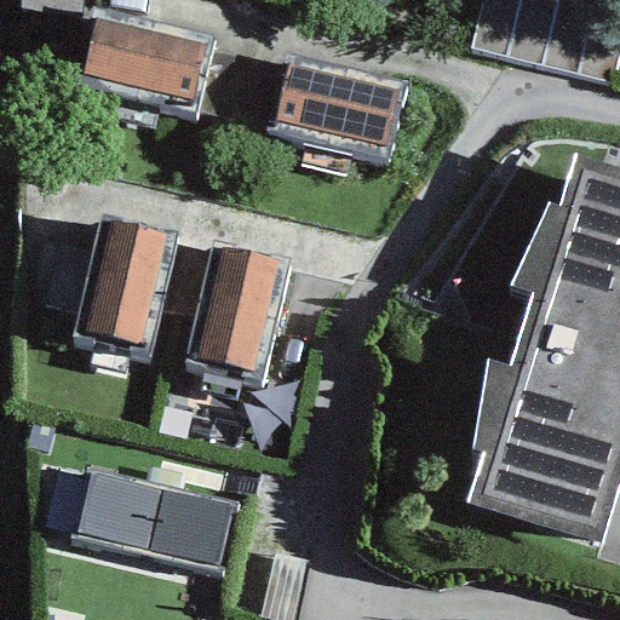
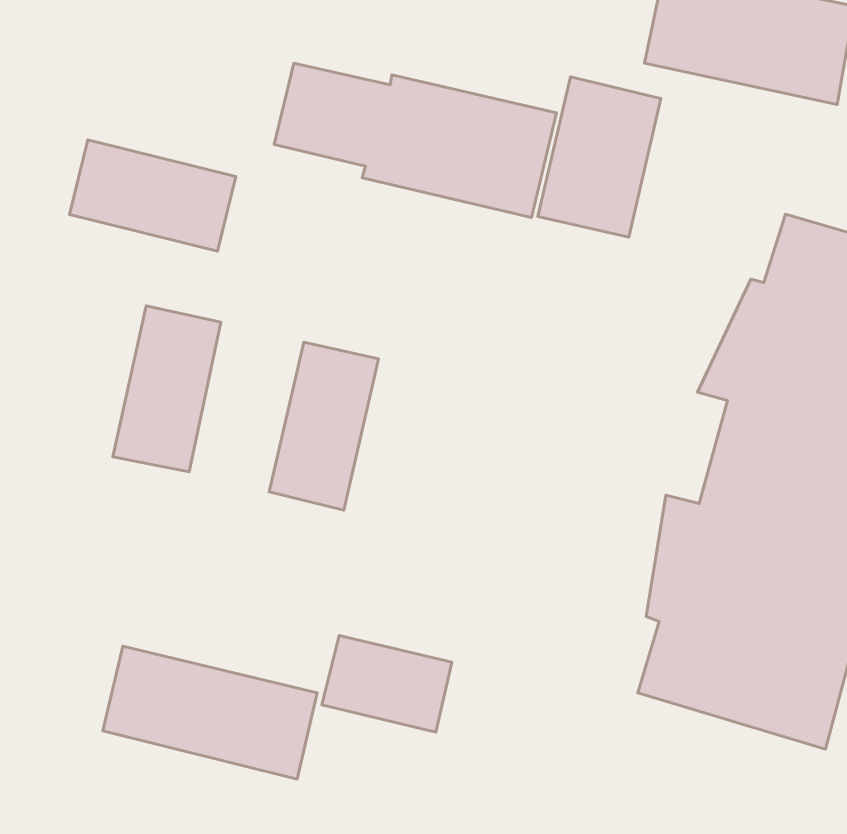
building: [84,19,205,101] -> [70,140,236,251]
building: none -> [538,77,661,237]
building: none -> [322,636,452,732]

